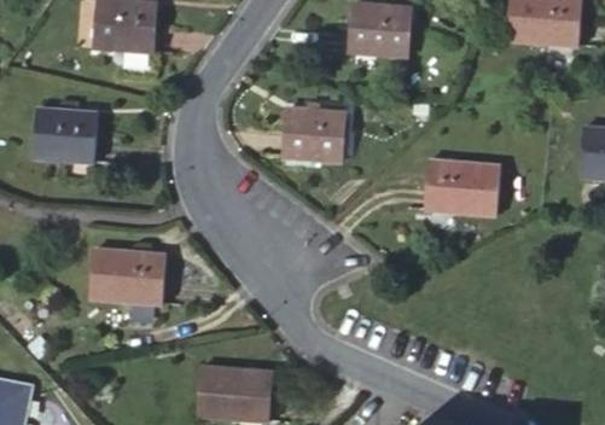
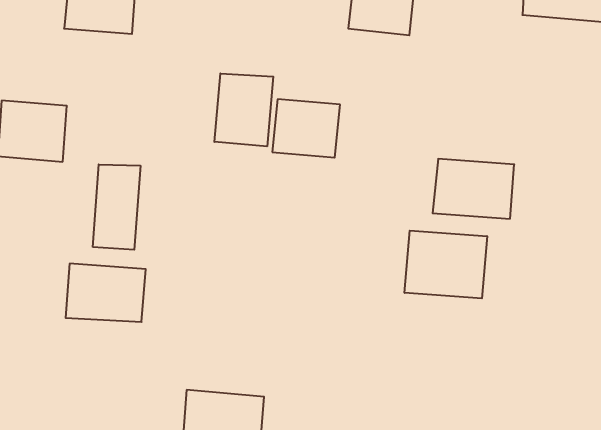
building: none -> [214,73,273,146]
building: none -> [93,164,140,250]
building: none -> [405,231,487,298]

